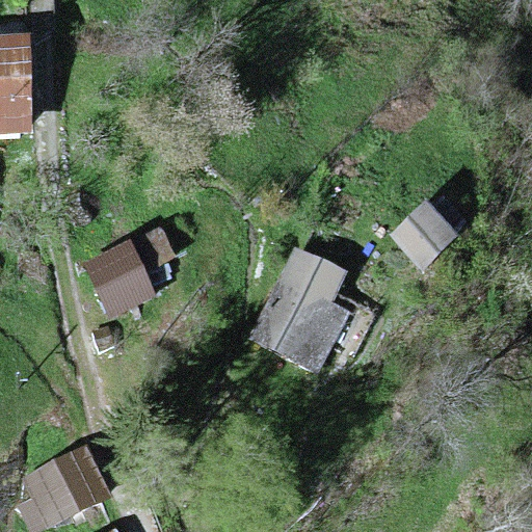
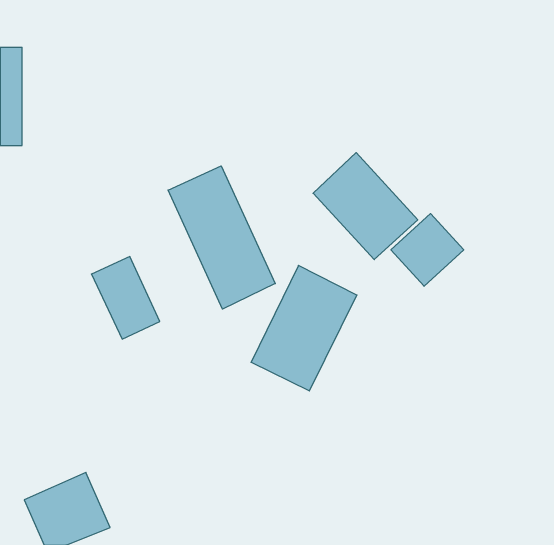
building: none -> [313,153,418,260]
building: none -> [168,166,275,309]

